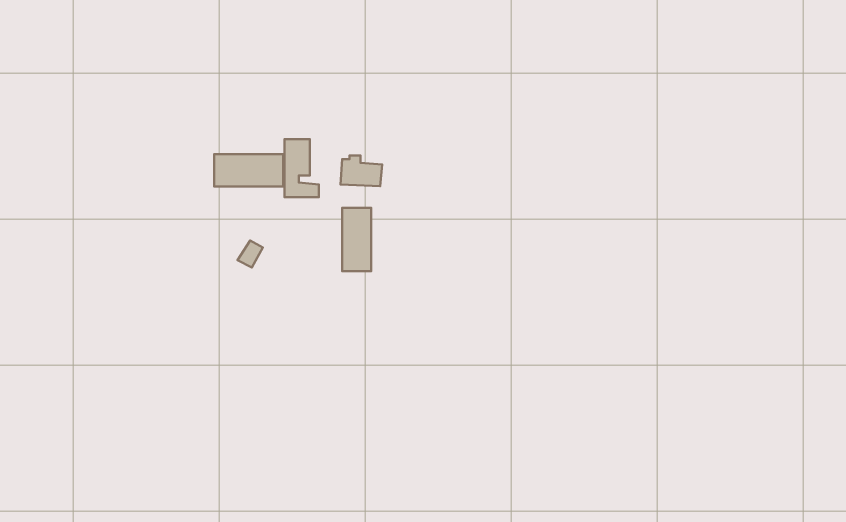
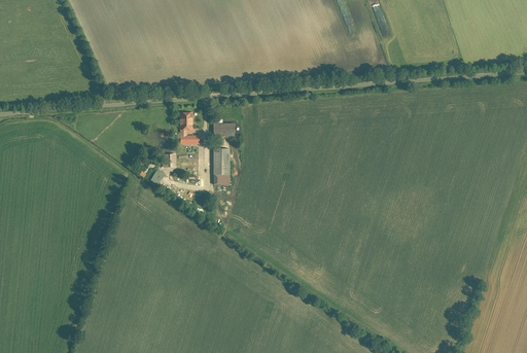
building: [214,154,283,187] -> none

